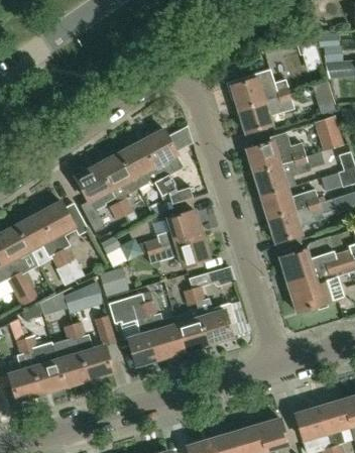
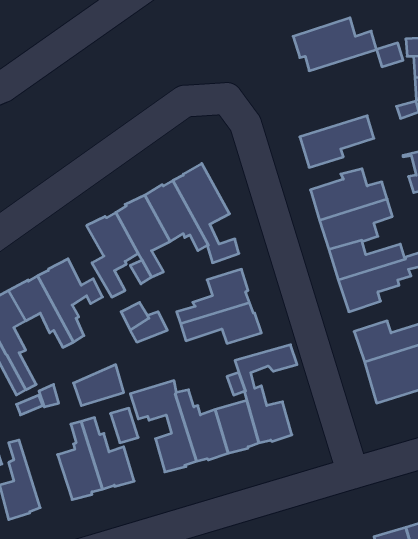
building: [226,68,289,108] -> [293,18,377,71]
building: [100,268,129,297] -> none
building: [24,336,65,390] -> none

